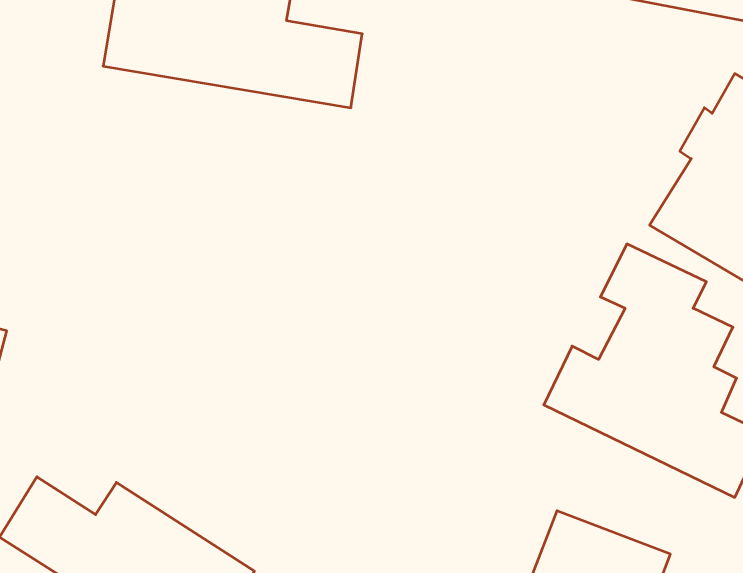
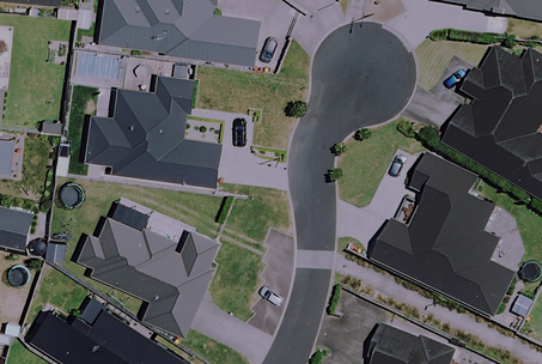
building: none -> [87,72,221,184]
building: none -> [80,212,220,329]

